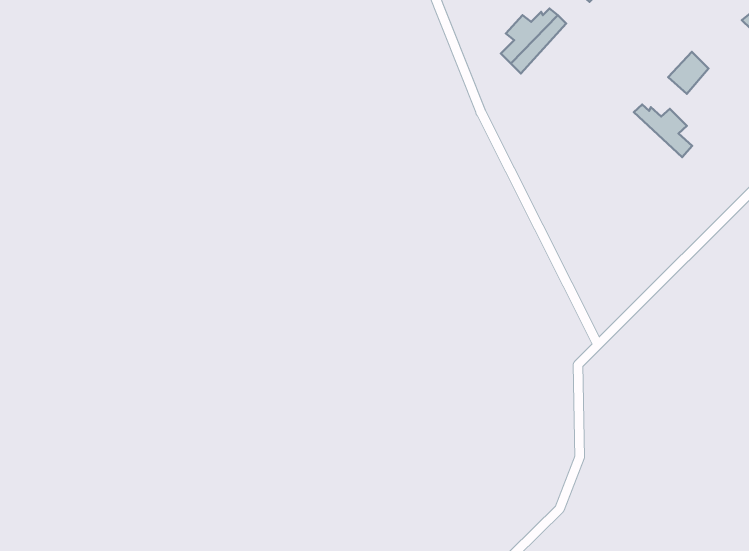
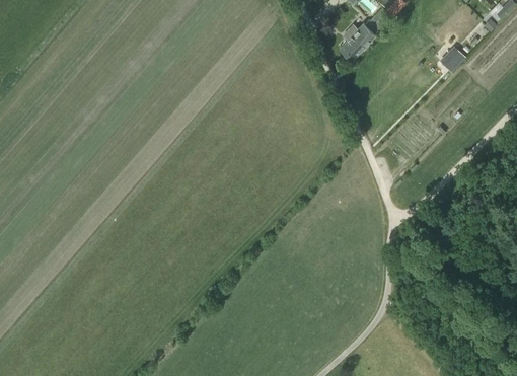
building: [634,104,692,157] -> none

